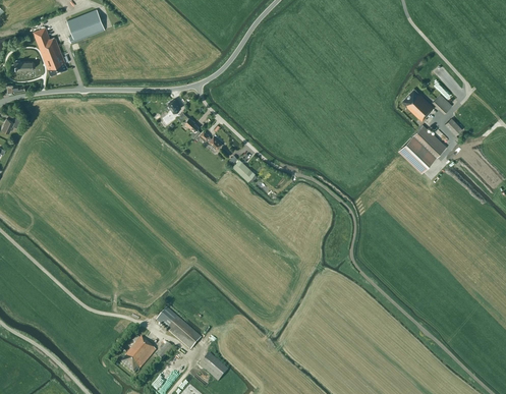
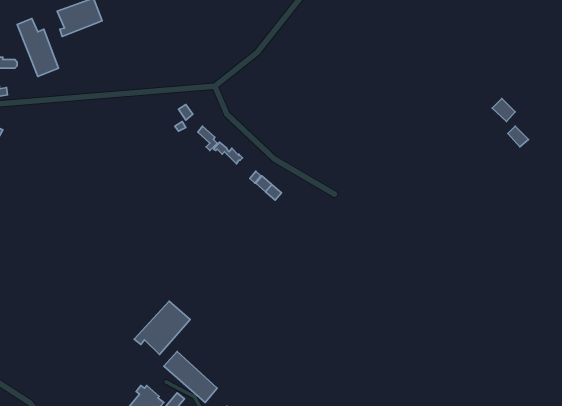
building: [398,89,446,172] -> none
building: none -> [134,301,190,355]

